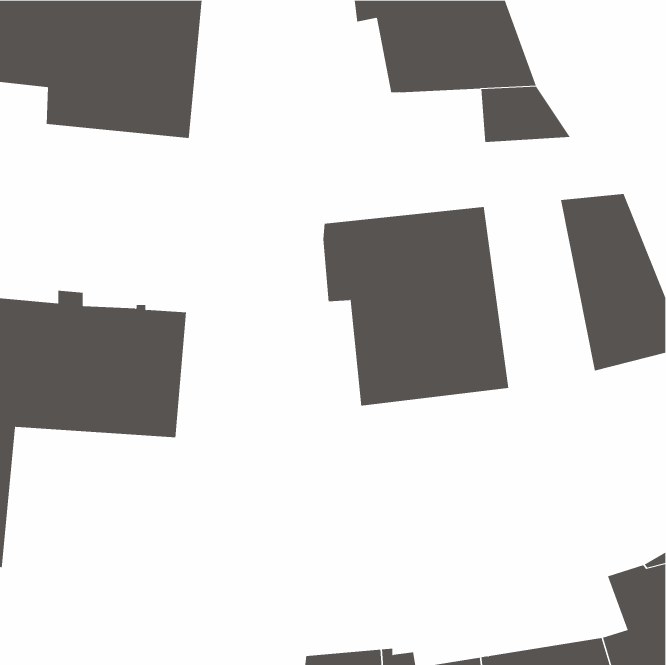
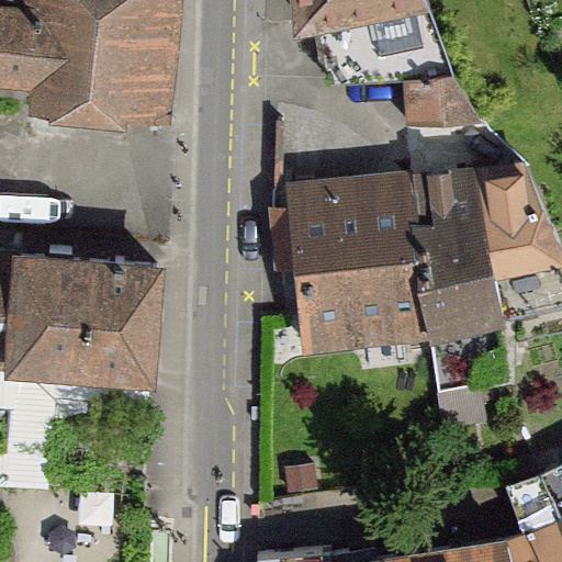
building: none -> [407,170,502,387]

